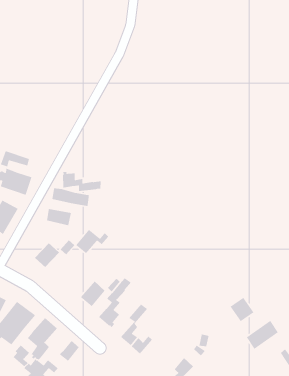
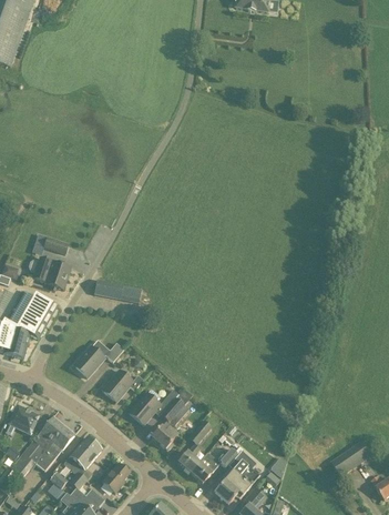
building: [62,171,102,192] -> none
building: [46,208,72,226] -> none
building: [75,229,109,254] -> [102,370,143,401]
building: [229,297,254,322] -> none
building: none -> [214,450,259,503]

